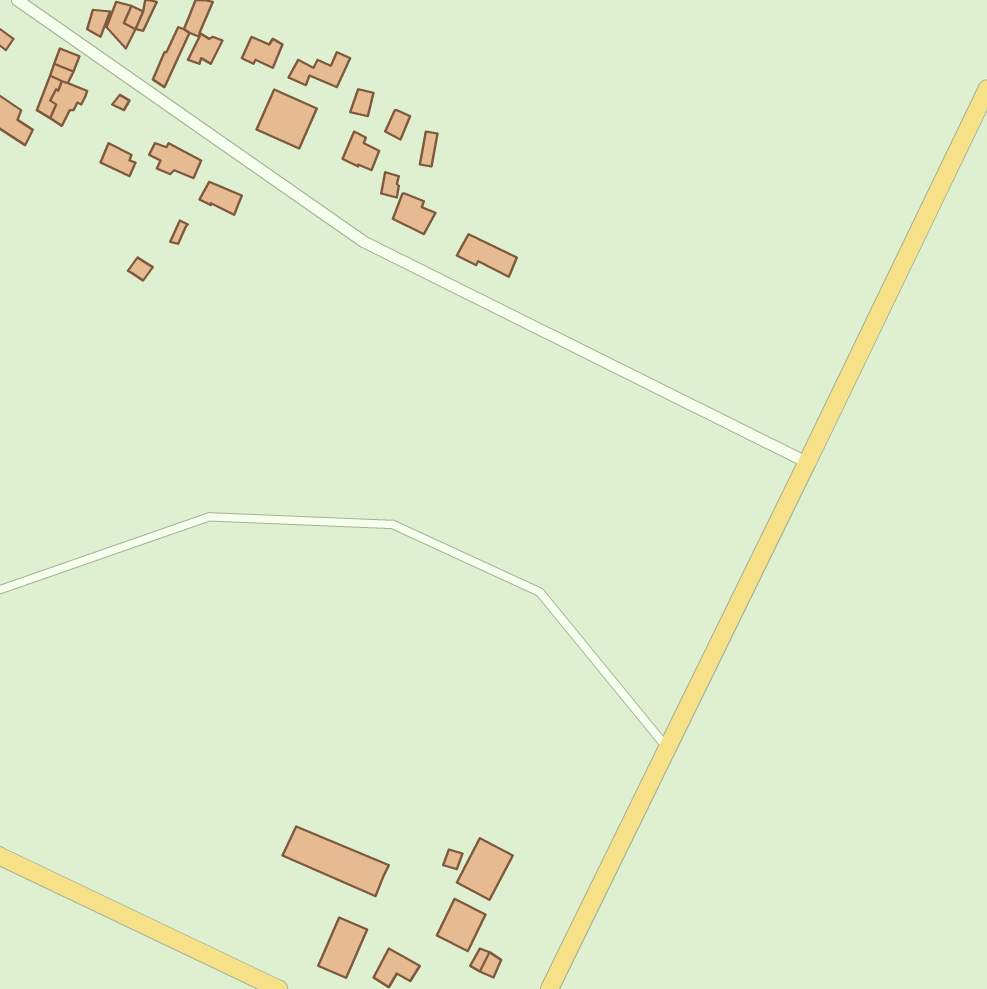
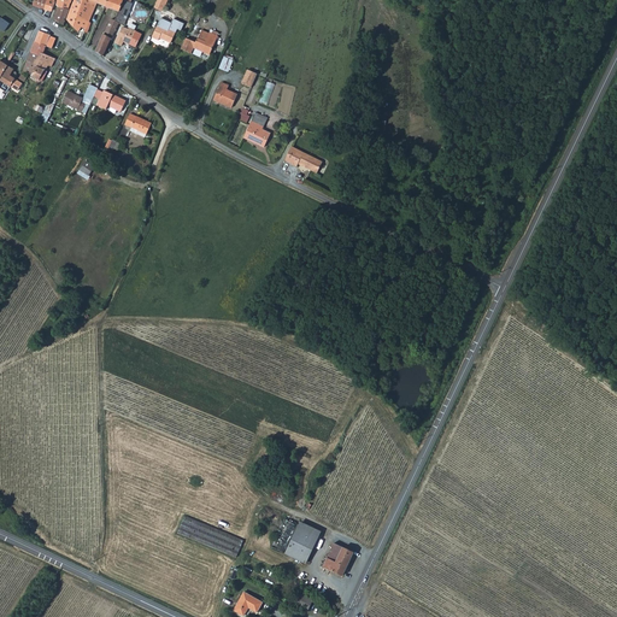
building: [257,89,317,148] -> none
building: [437,899,485,951] -> [323,541,353,574]
building: [318,917,367,978] -> none

